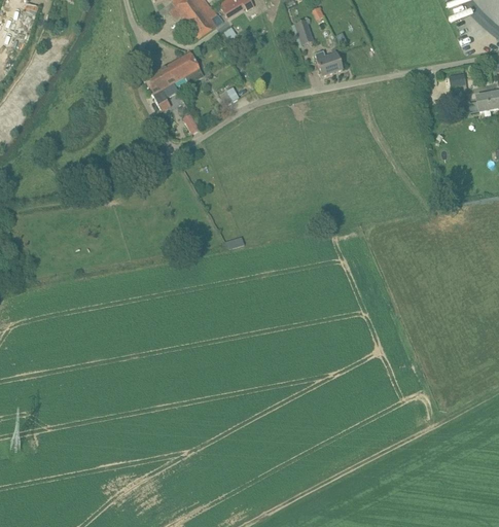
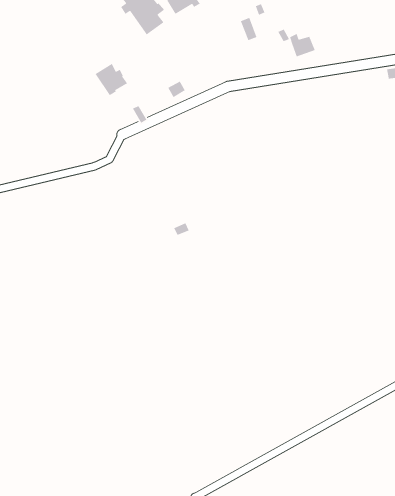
building: [315,48,343,74] -> [289,33,316,57]
building: [162,50,203,81] -> none

